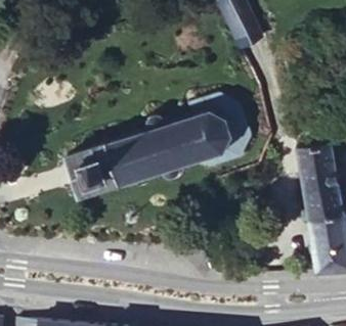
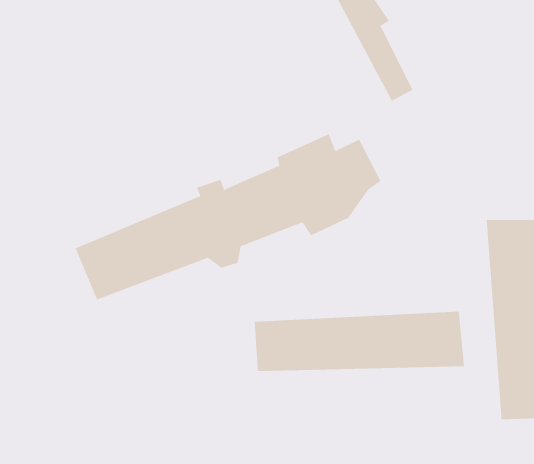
building: none -> [254,311,465,372]

